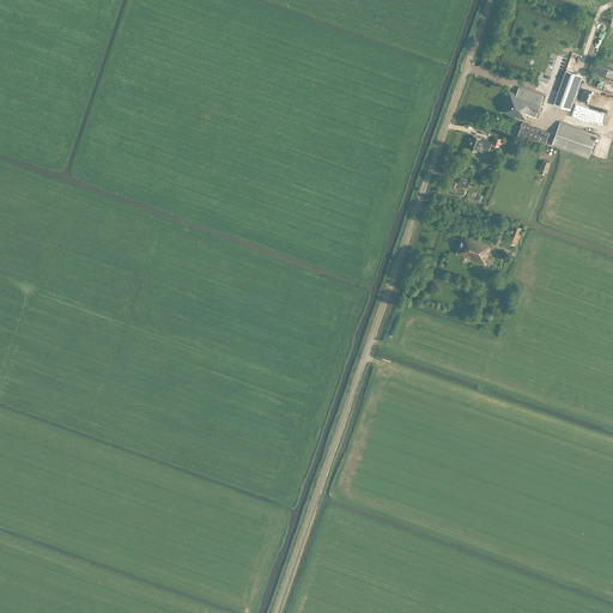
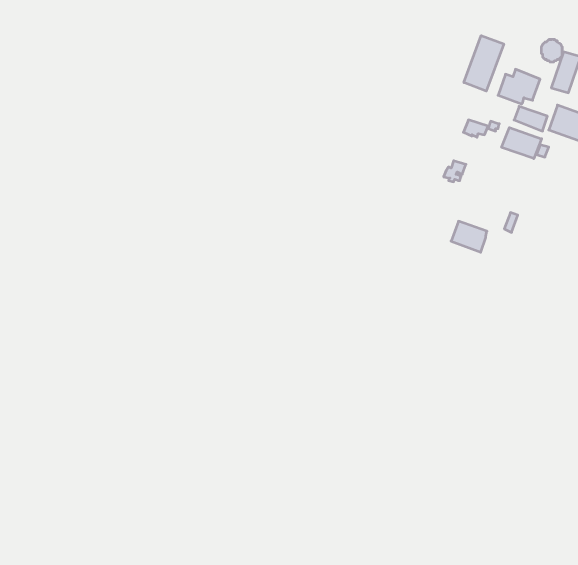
building: none -> [464,36,504,91]
building: none -> [502,128,542,159]

